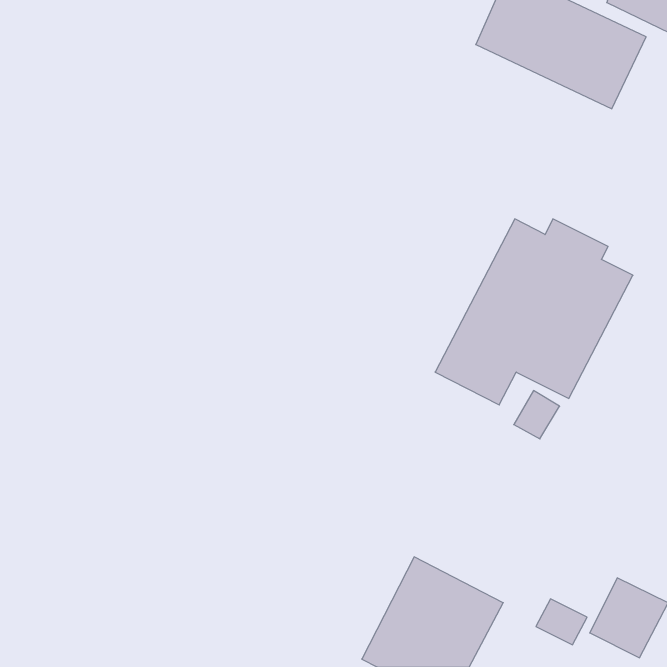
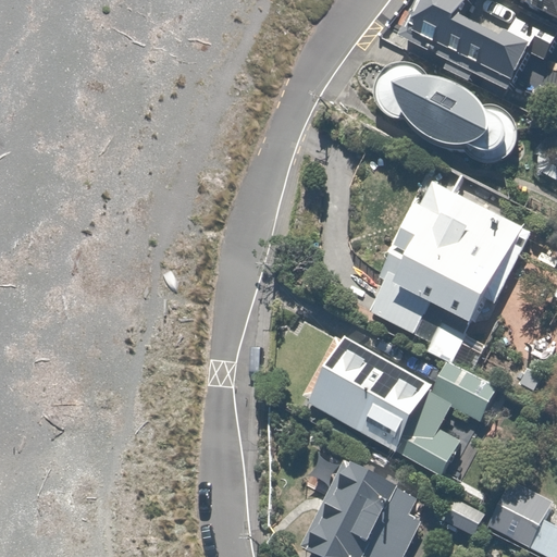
building: none -> [376,67,516,165]
building: none -> [304,333,496,479]

